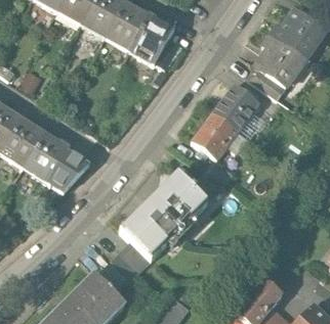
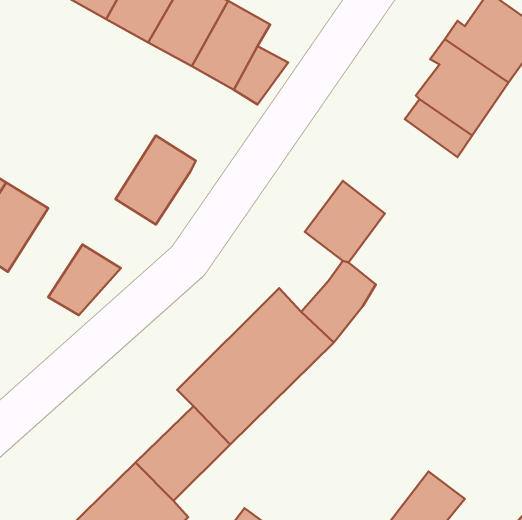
building: [213,87,258,133] -> none
building: [25,130,70,180] -> [116,136,196,225]

